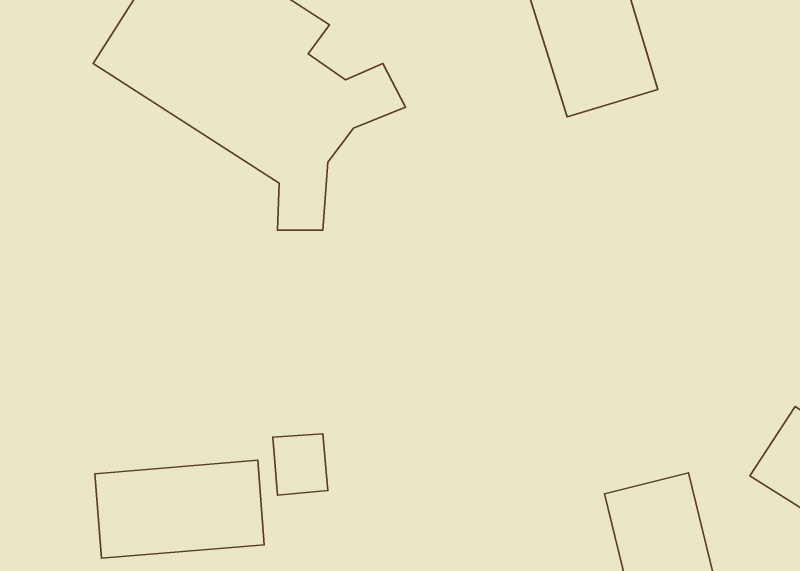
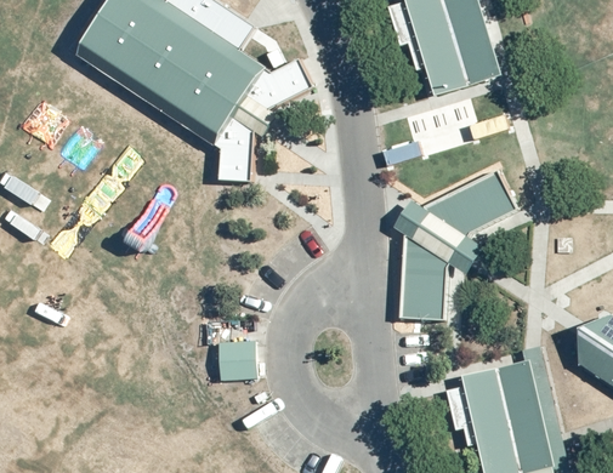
building: none -> [387,167,512,319]
building: [95,460,264,558] -> none

